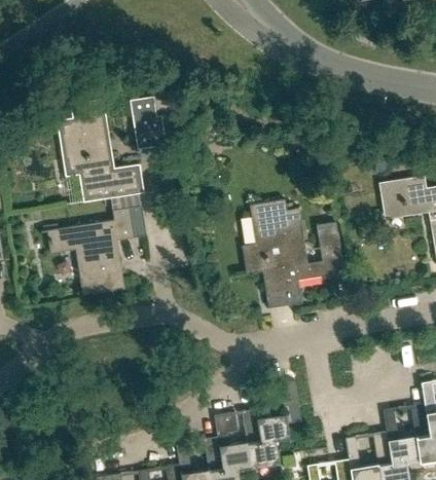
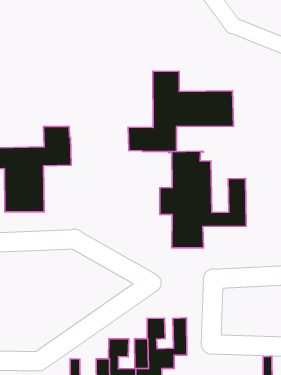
building: [130,98,166,150] -> none
building: [57,100,144,202] -> none
building: none -> [128,71,233,152]

